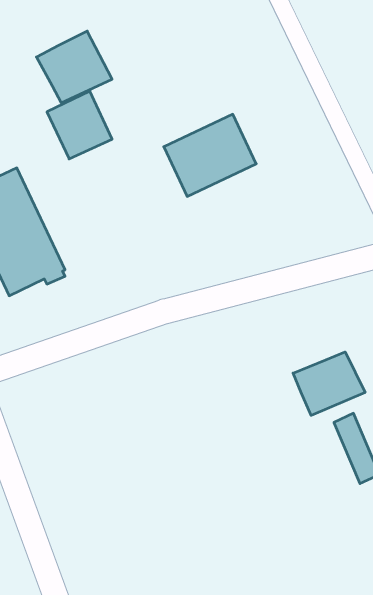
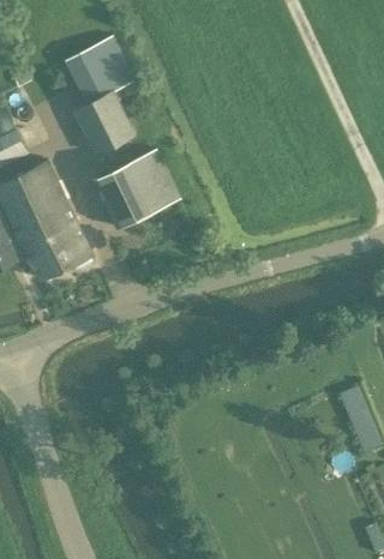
building: [164,114,256,196] -> [96,152,181,228]
building: [293,352,365,415] -> none

